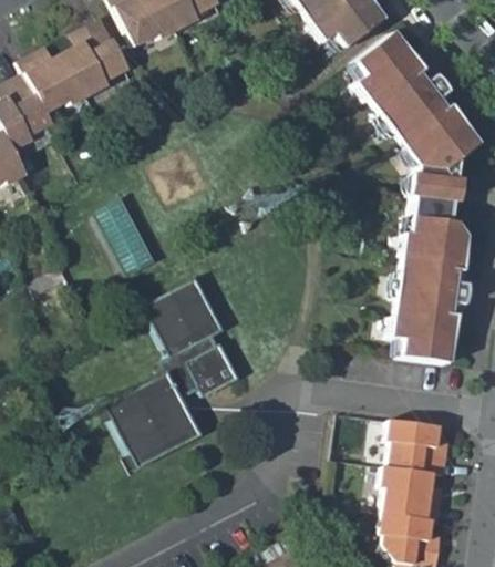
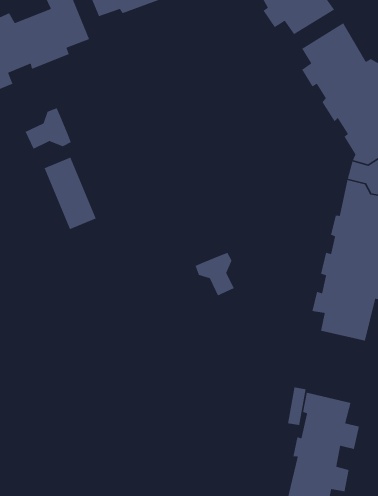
building: none -> [24,107,72,150]
building: [104,276,240,466] -> none
building: none -> [194,252,235,297]

